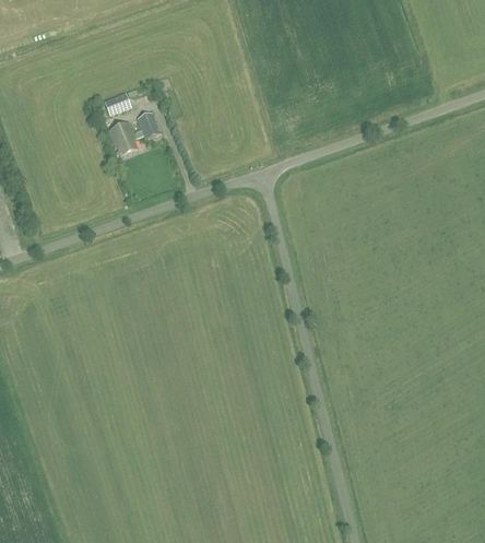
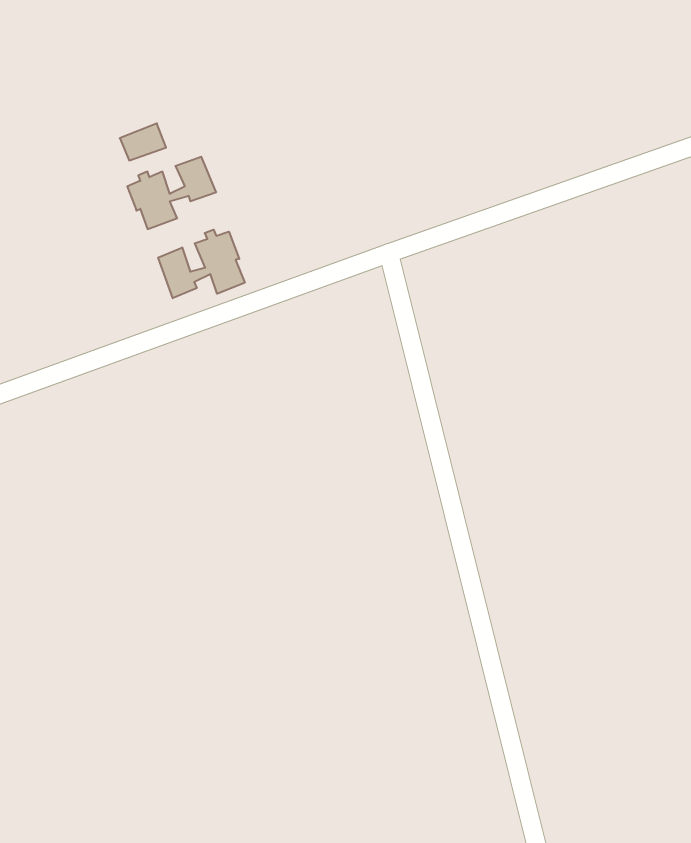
building: none -> [158,230,245,298]

